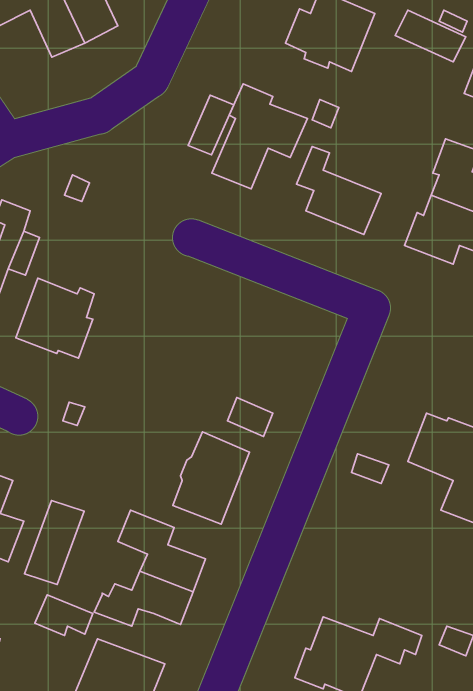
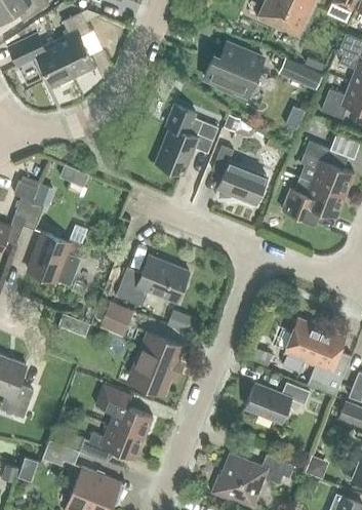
building: [188,95,234,155] -> none
building: none -> [116,256,189,306]
building: none -> [102,304,131,334]
building: [25,501,84,584] -> none
building: none -> [245,382,310,422]

